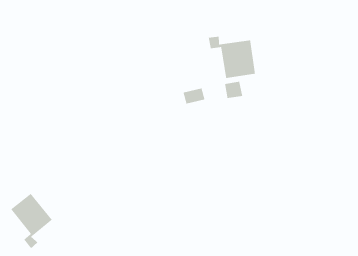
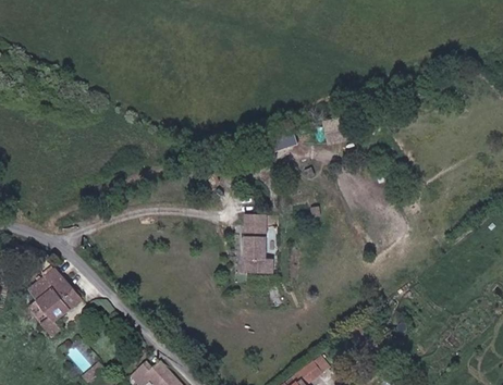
building: [208,36,256,79] -> none
building: none -> [243,215,272,273]

